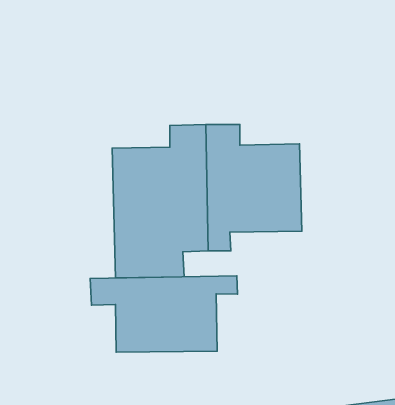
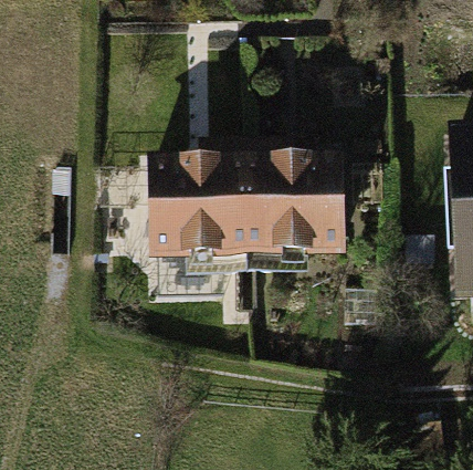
building: [90,276,237,352] -> none

